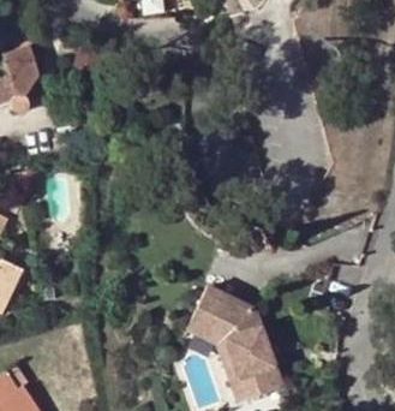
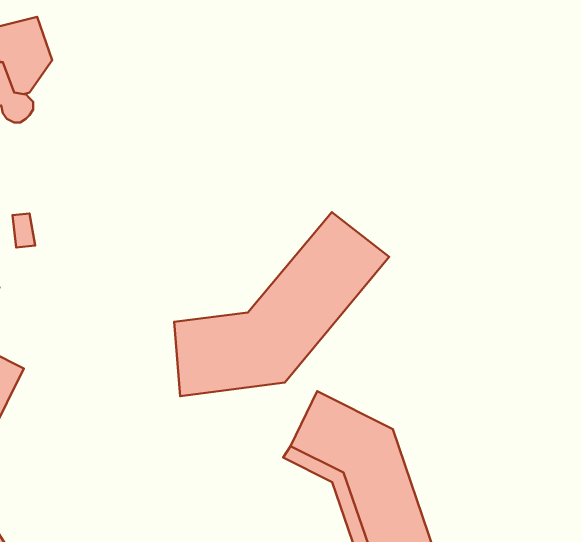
building: none -> [174,212,389,396]

